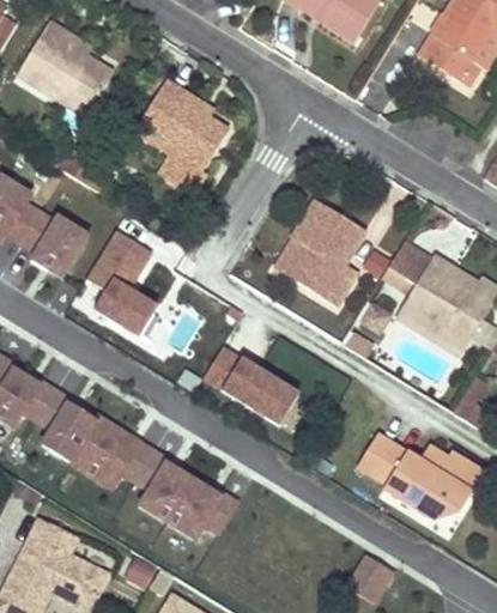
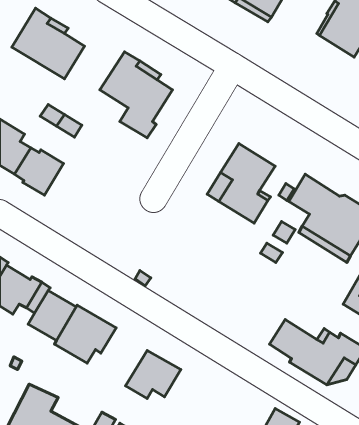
building: [89,232,162,336] -> none
building: [205,347,301,425] -> none
building: [134,444,195,521] -> none

